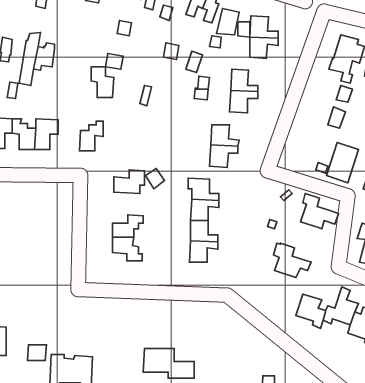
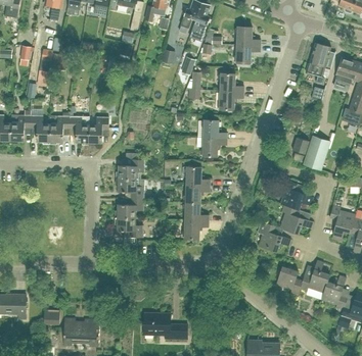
building: [91,67,114,97] -> [71,116,90,143]
building: none -> [118,179,164,199]
building: none -> [280,205,313,235]

